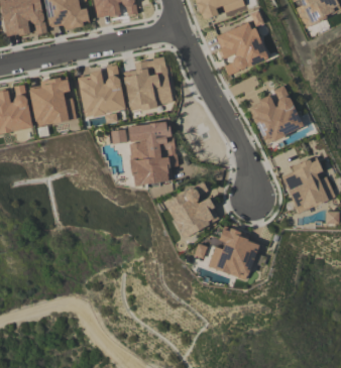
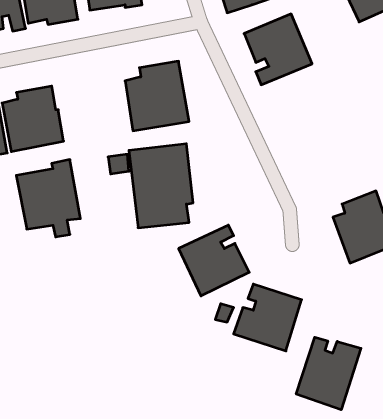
building: [76,65,125,124] -> [16,160,80,237]
building: [248,89,303,144] -> none
building: none -> [296,337,361,410]

